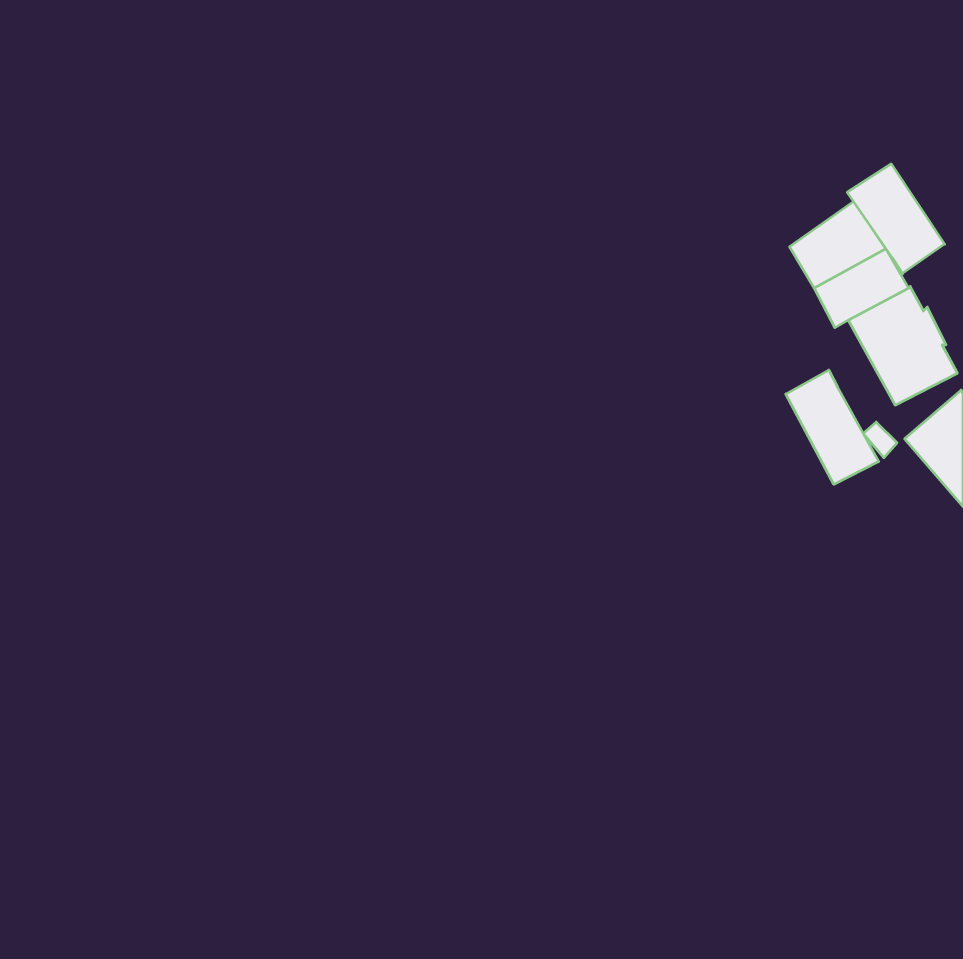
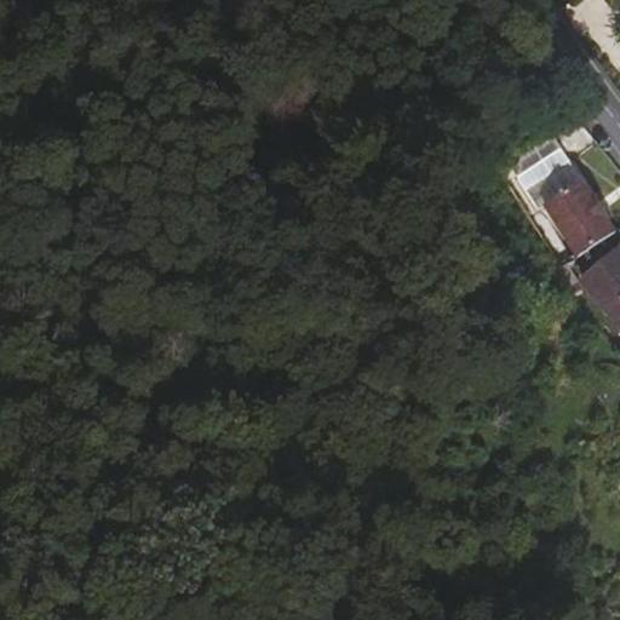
building: [847,164,945,274] -> none
building: [786,370,879,484] -> none

